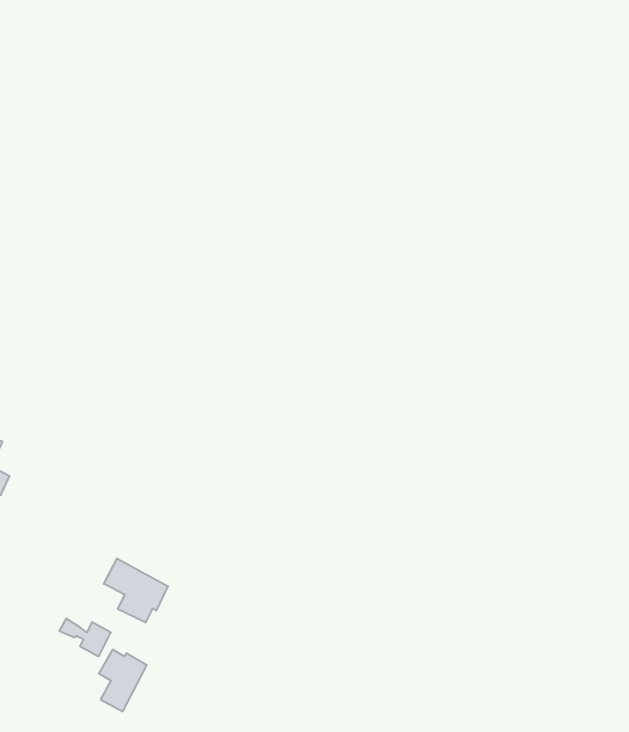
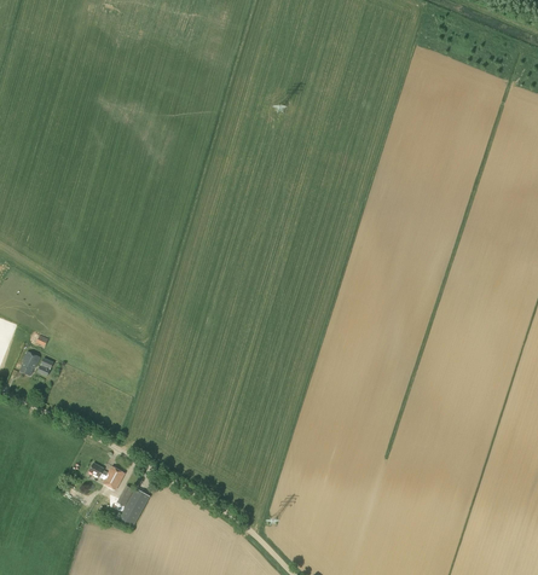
building: [104,558,168,623] -> none

